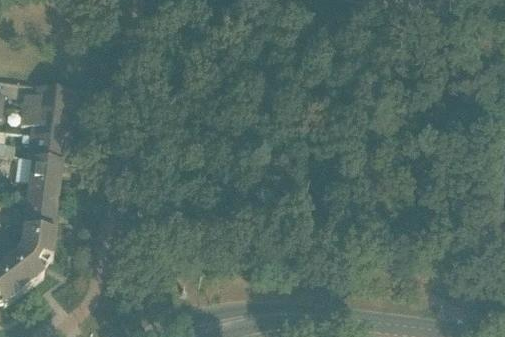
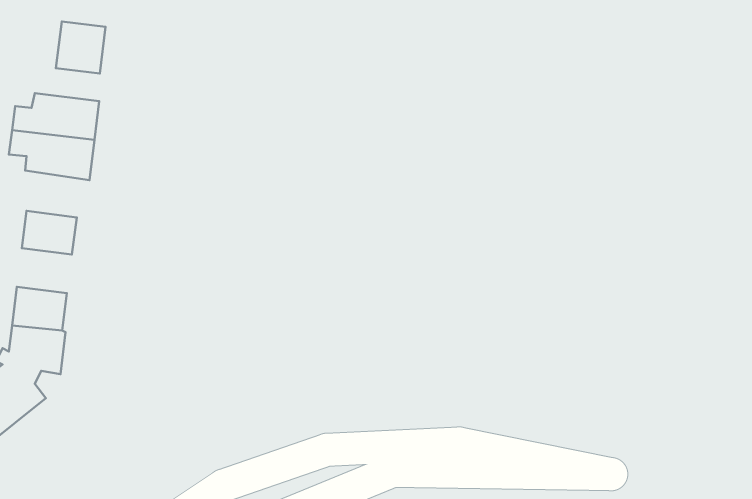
building: none -> [56,21,105,74]
building: [28,124,71,154] -> none
building: [26,172,60,200] -> none

